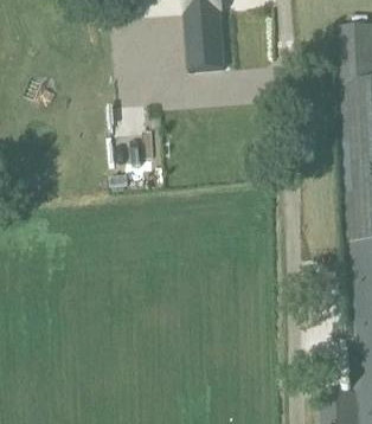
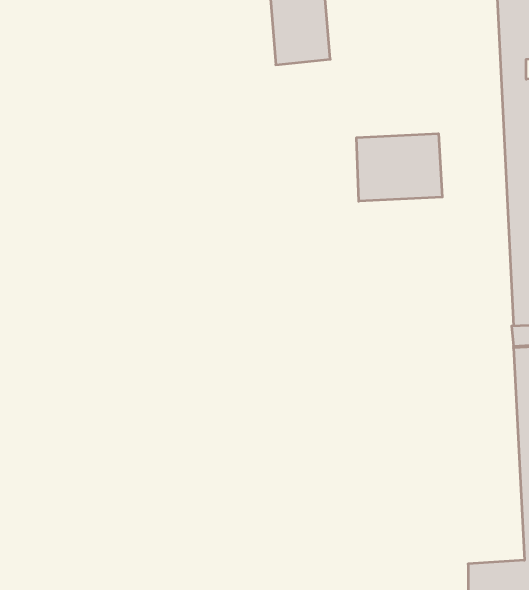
building: none -> [357,134,442,201]

